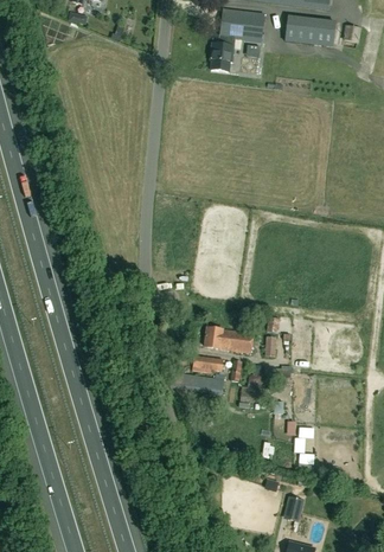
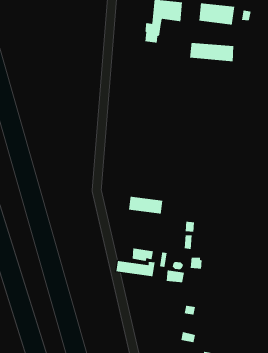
building: none -> [190,42,234,62]
building: [204,327,252,352] -> [128,196,163,214]

